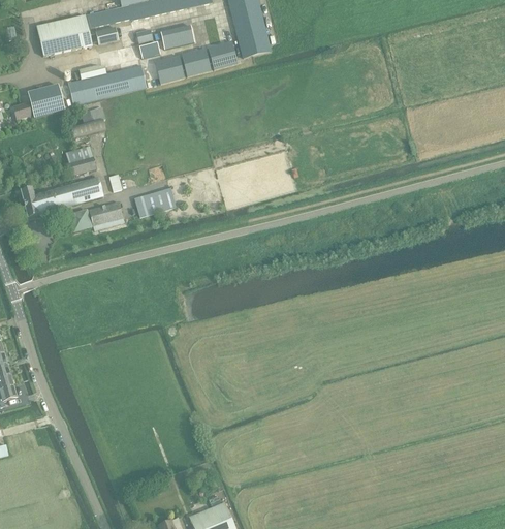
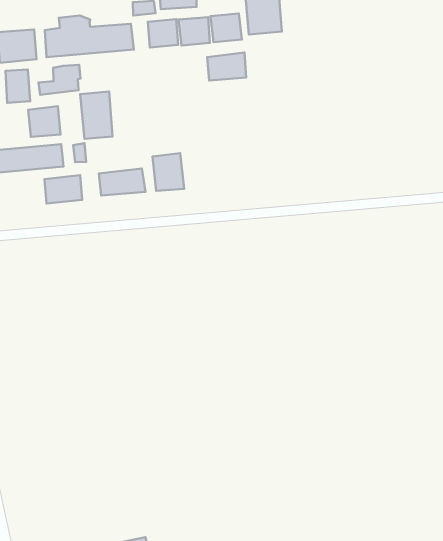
building: none -> [207,52,246,81]
building: none -> [6,70,30,103]
building: none -> [80,91,112,139]
building: none -> [153,153,184,191]

